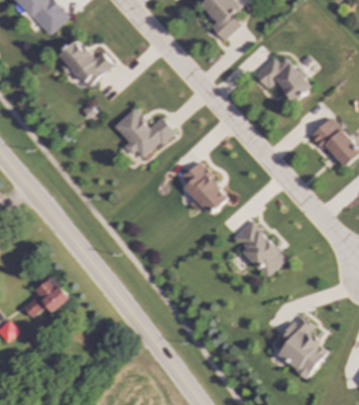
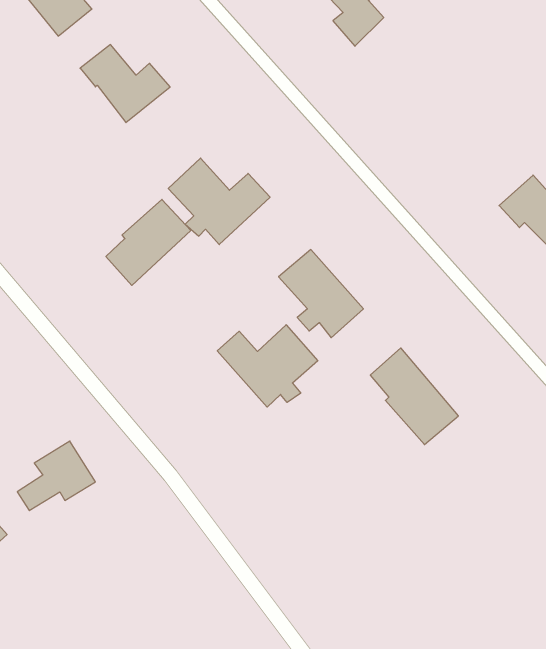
building: [254,56,312,103] -> none
building: none -> [106,199,191,285]
building: none -> [217,325,318,407]
building: [271,315,328,377] -> none

